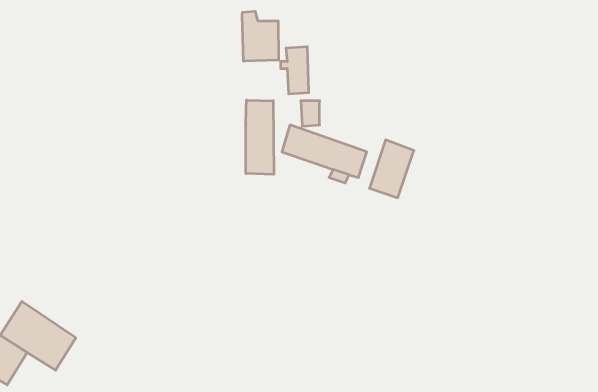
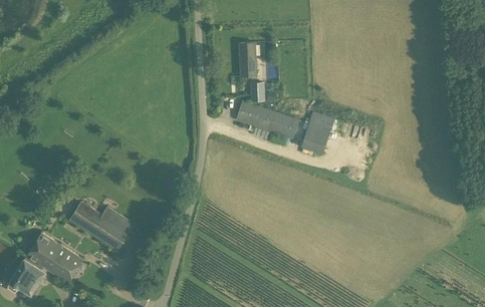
building: [242,11,279,61] -> none
building: [246,100,274,174] -> none
building: none -> [68,202,134,251]

